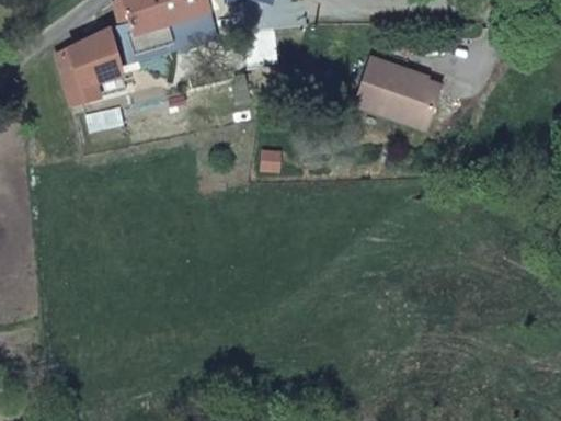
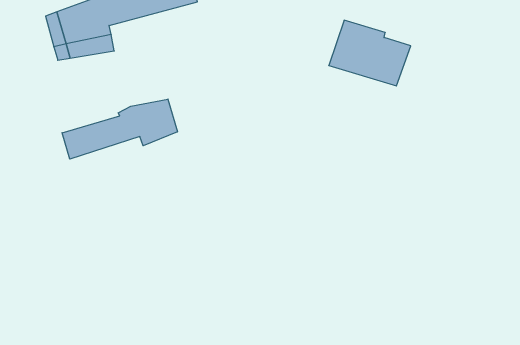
building: none -> [62,99,177,159]

